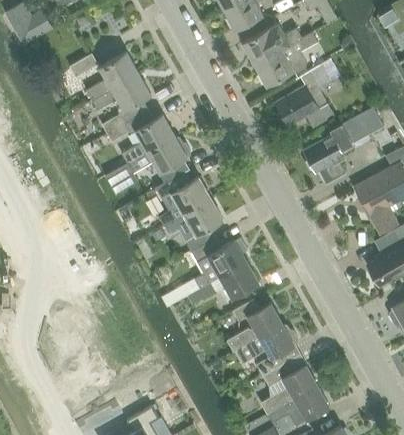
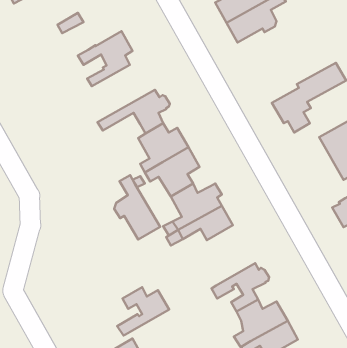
building: [88,52,140,100] -> none
building: [274,60,338,128] -> none
building: [108,110,176,164] -> none
building: none -> [114,175,160,240]
building: [228,300,284,352] -> [117,287,169,336]

